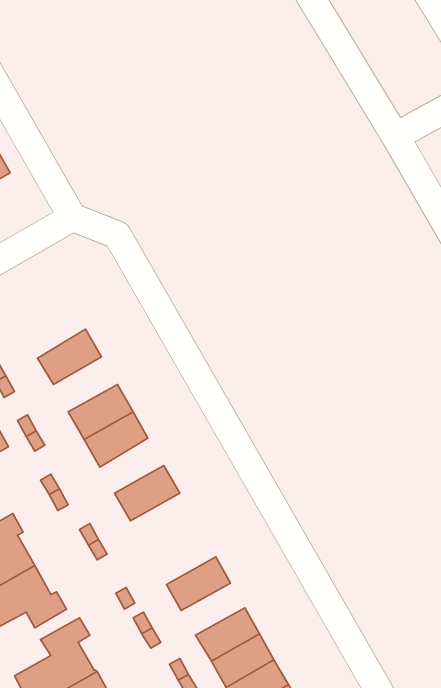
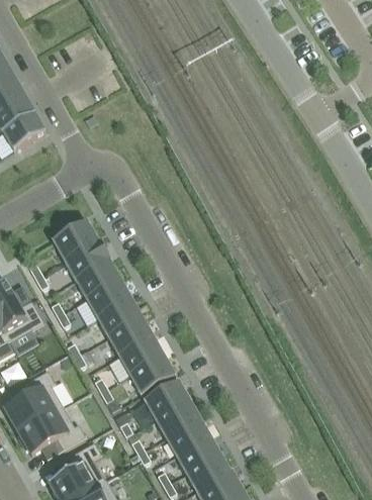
building: none -> [53,220,97,260]
building: none -> [75,259,119,297]
building: none -> [107,315,152,354]
building: none -> [128,354,174,393]
building: none -> [144,379,188,417]
building: none -> [164,416,208,453]

